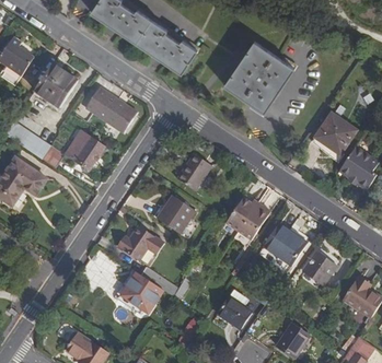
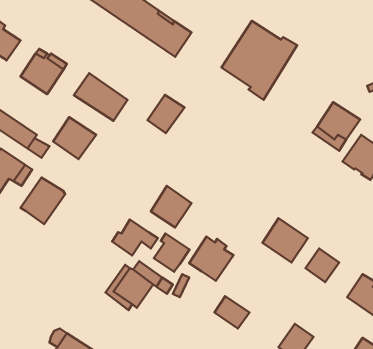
building: [176,155,211,191] -> [147,95,185,133]
building: none -> [20,178,65,224]
building: [225,198,267,239] -> [189,237,233,281]
building: none -> [154,233,190,272]

